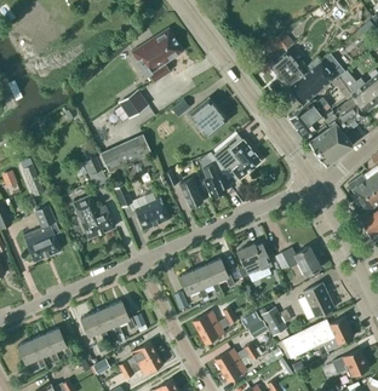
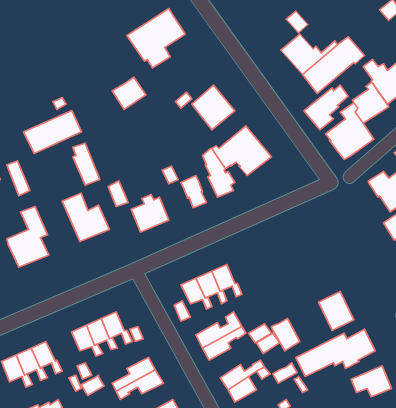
building: [99,134,151,173] -> [23,110,81,153]
building: [237,243,271,275] -> none
building: [281,246,320,276] -> none

